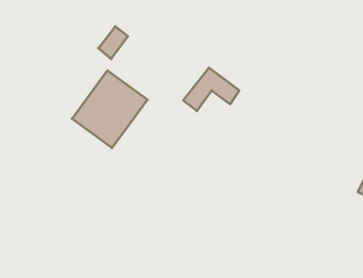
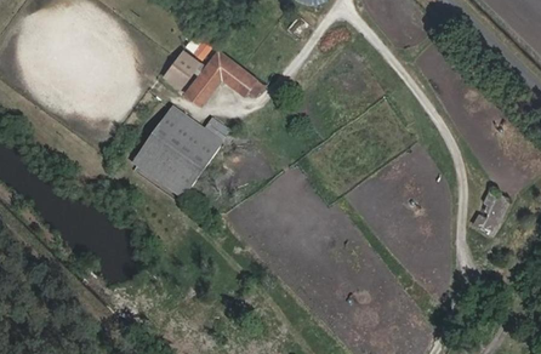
building: [183,68,239,111] -> [183,42,252,96]

